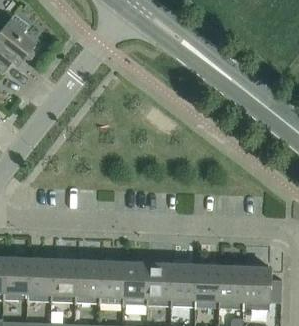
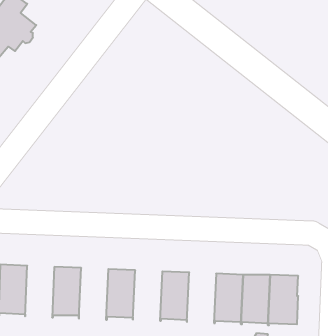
building: [27,258,53,304] -> none
building: [75,260,101,306] -> none
building: [123,262,149,307] -> none
building: [171,264,197,309] -> none

